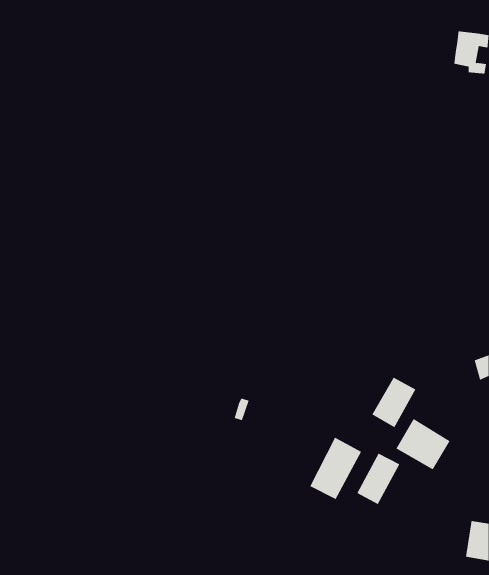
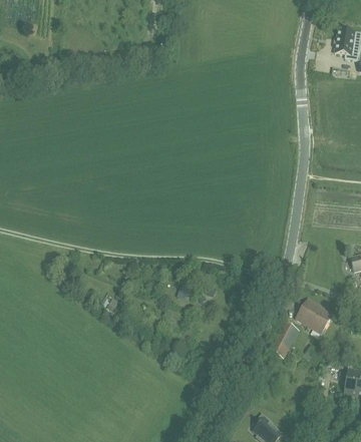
building: [371,377,416,428] -> none
building: [310,437,362,500] -> none

